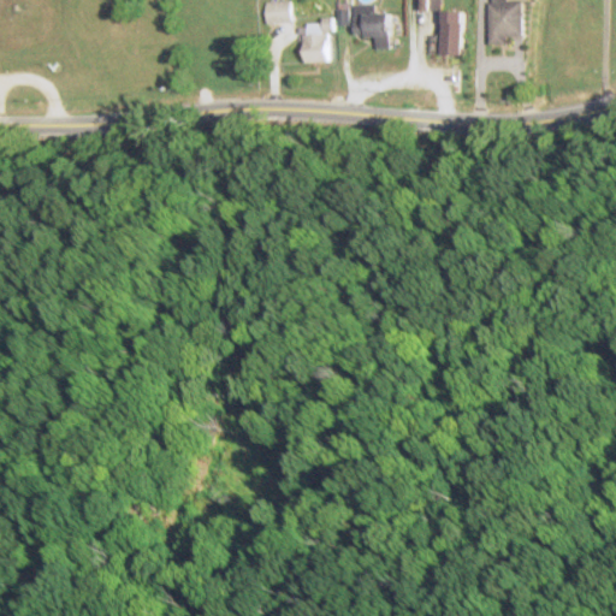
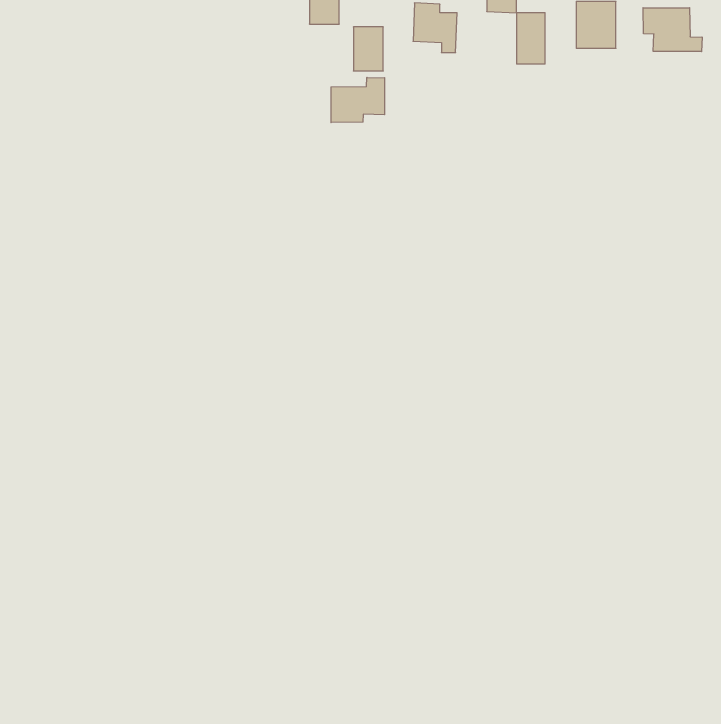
building: none -> [643,8,702,52]
building: none -> [331,77,385,123]

